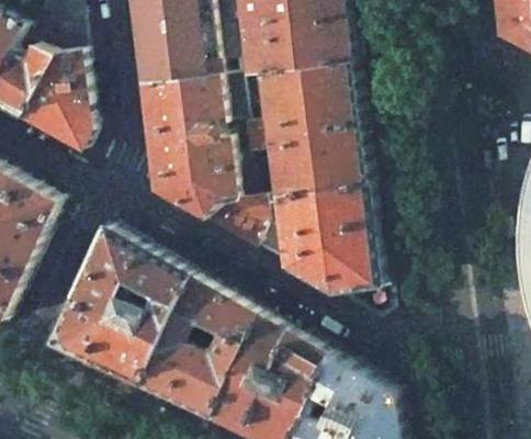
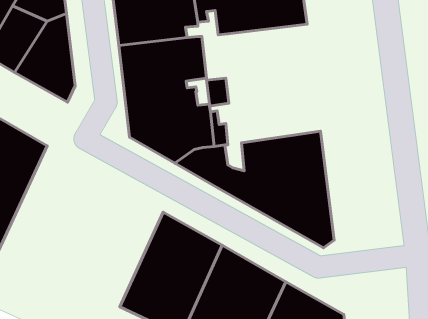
building: [230,63,365,198] -> none
building: [48,228,187,384] -> none

